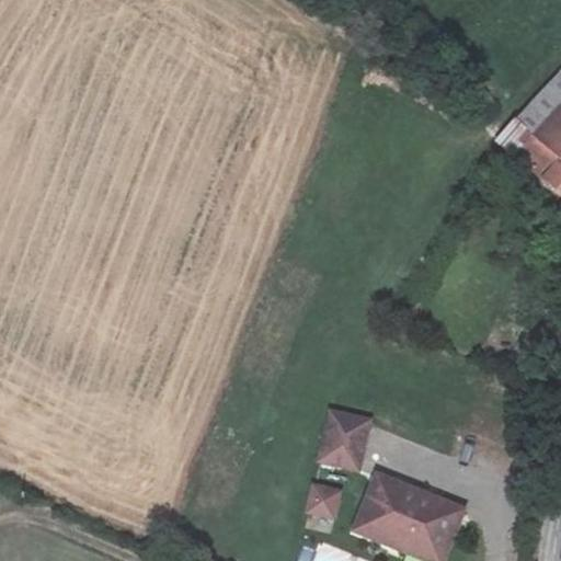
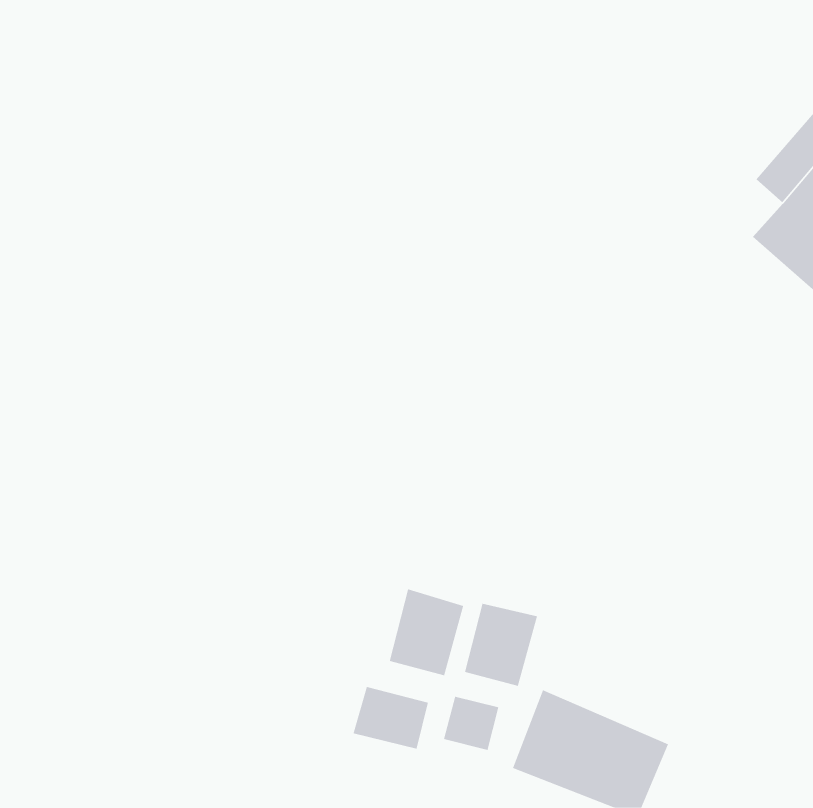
building: none -> [389,589,464,676]
building: none -> [353,686,429,749]

